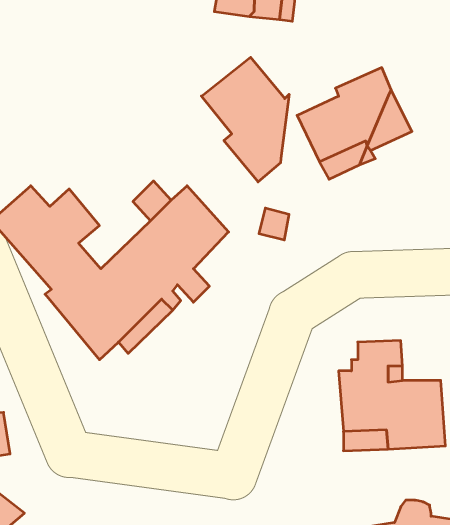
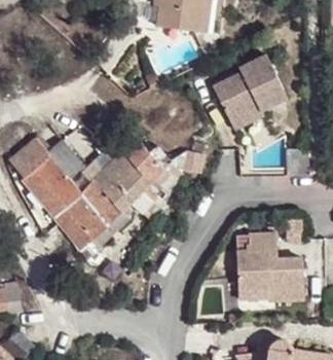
building: [201,57,289,182] -> none

